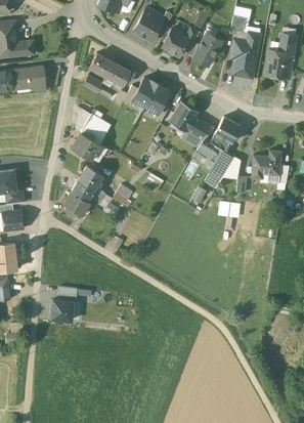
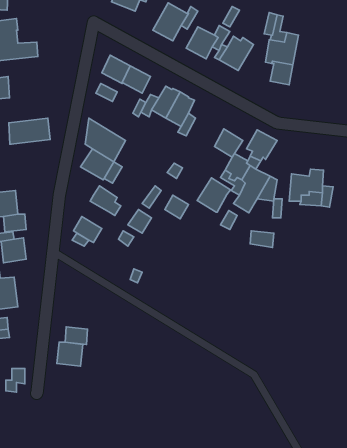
building: [265,35,296,78] -> none
building: [8,67,44,89] -> [9,118,50,144]
building: [169,101,198,131] -> [197,178,230,212]
building: [72,178,103,203] -> none

